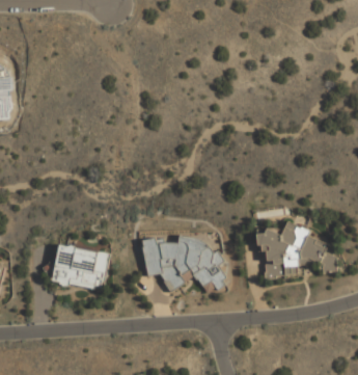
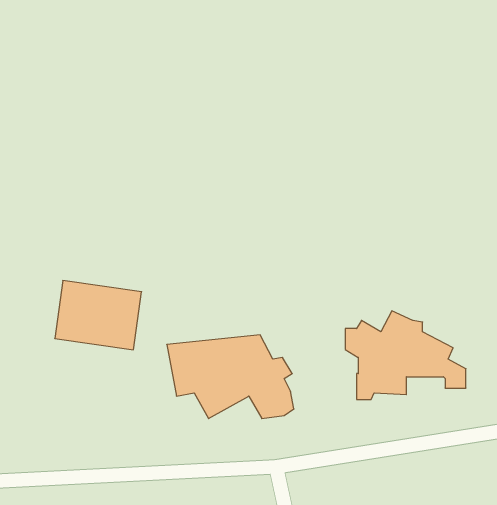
building: [51,244,107,289] -> [55,281,142,350]

